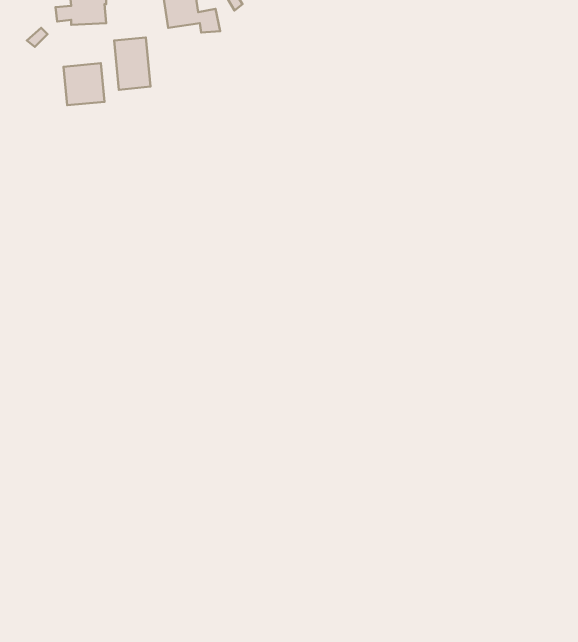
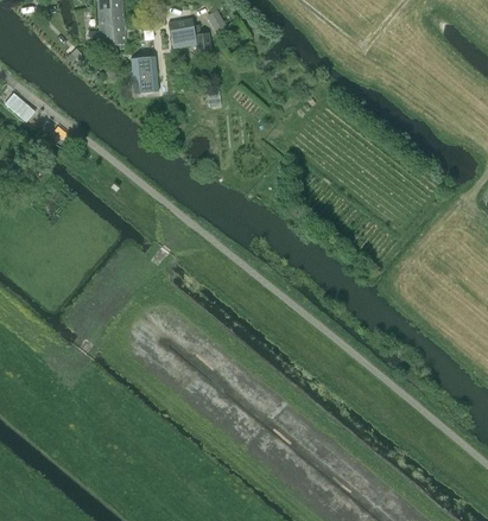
building: [64,63,105,105] -> none

